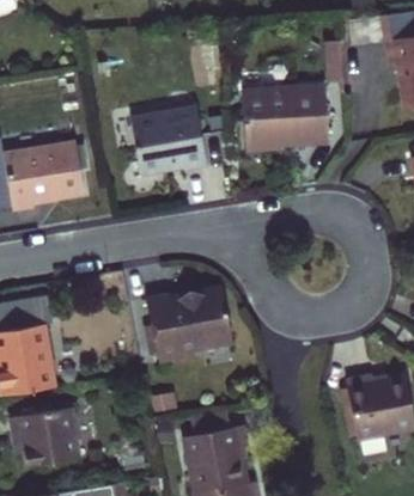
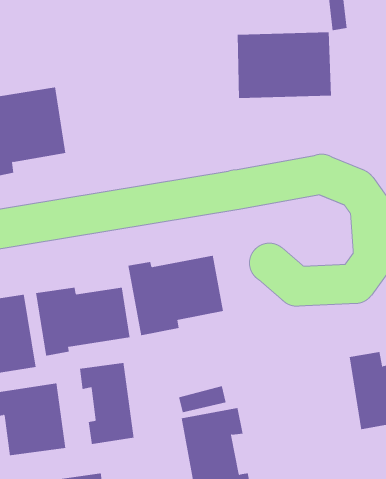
building: [134,105,209,169] -> none
building: none -> [36,287,130,356]
building: none -> [80,362,134,445]

